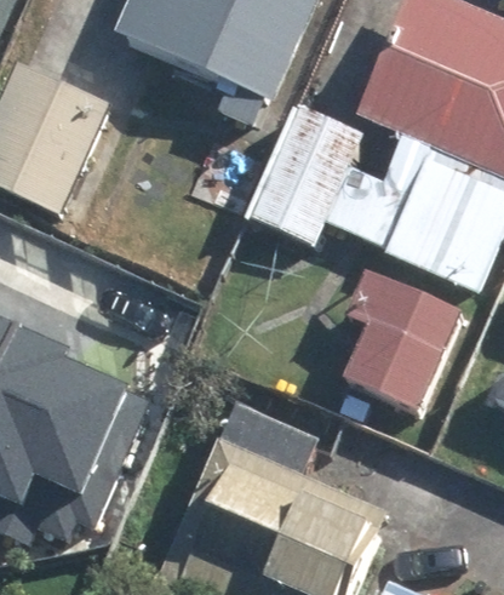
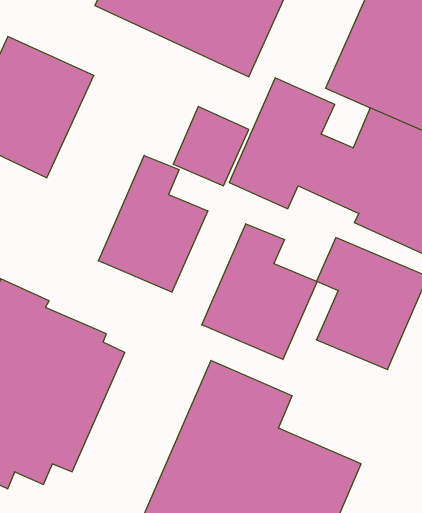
building: none -> [98,155,208,292]
building: none -> [202,224,317,360]

